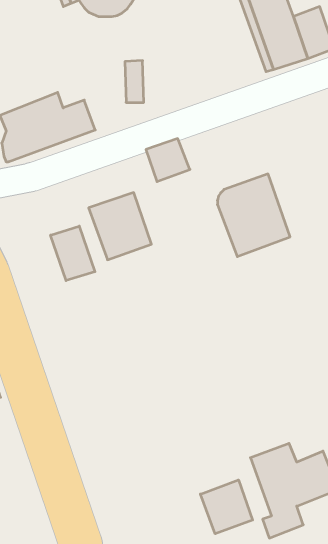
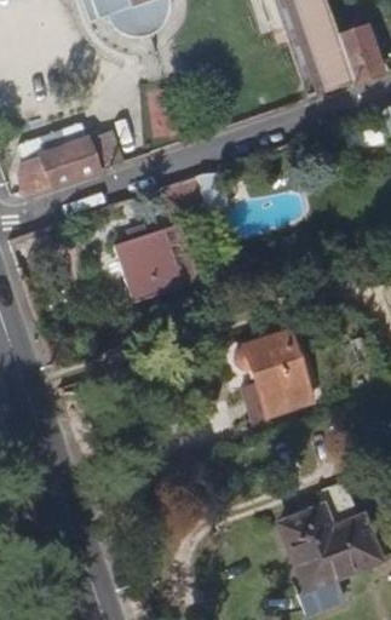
building: [217,174,290,257] -> [229,337,309,427]
building: [51,226,95,281] -> none
building: [200,480,253,534] -> none

